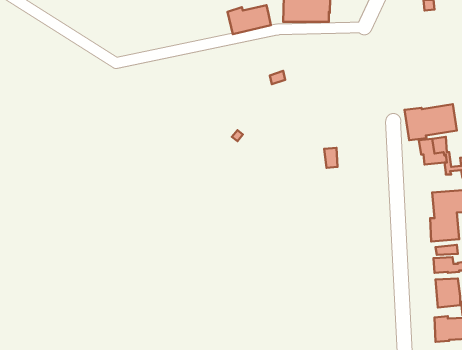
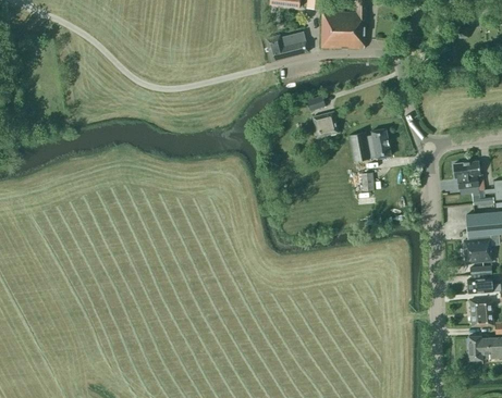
building: none -> [313,112,339,138]
building: [404,104,457,140] -> none
building: none -> [351,129,391,162]

